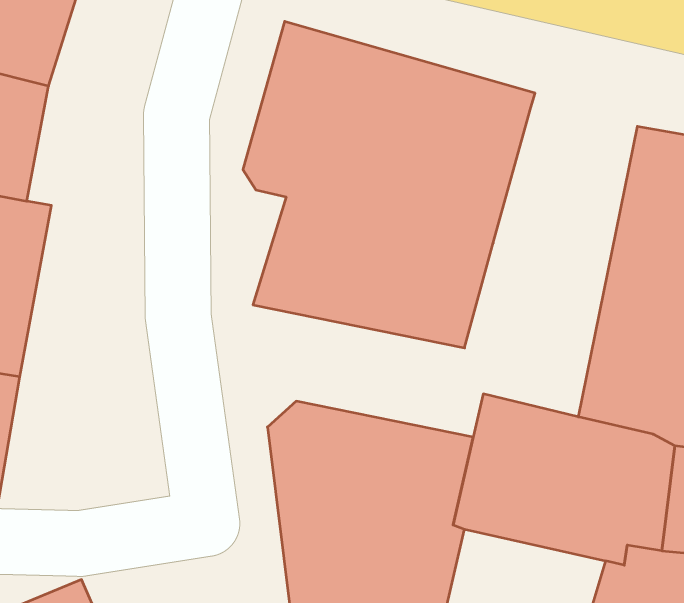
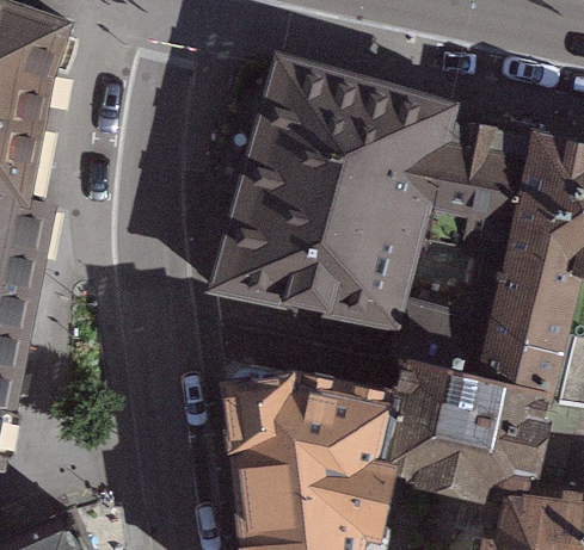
building: none -> [394,124,535,381]

